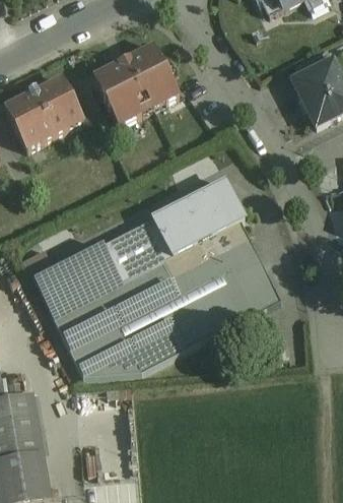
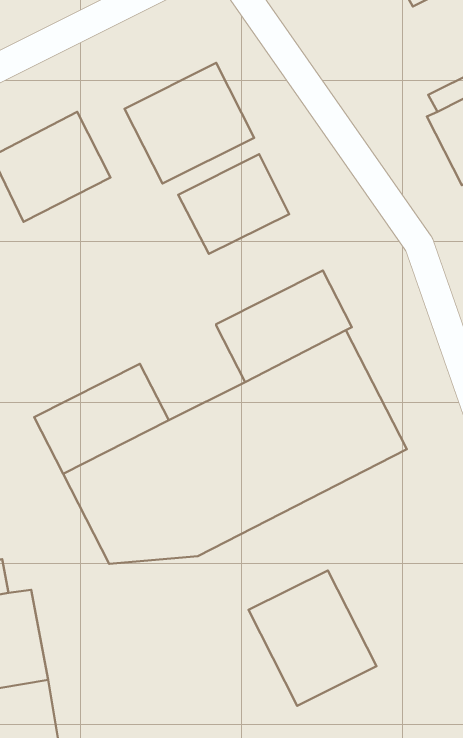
building: none -> [178,154,289,254]
building: [104,216,174,280] -> none
building: none -> [249,570,377,706]

